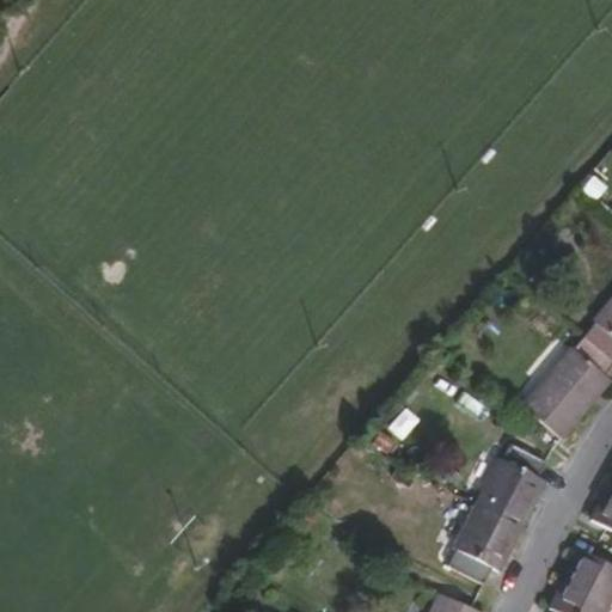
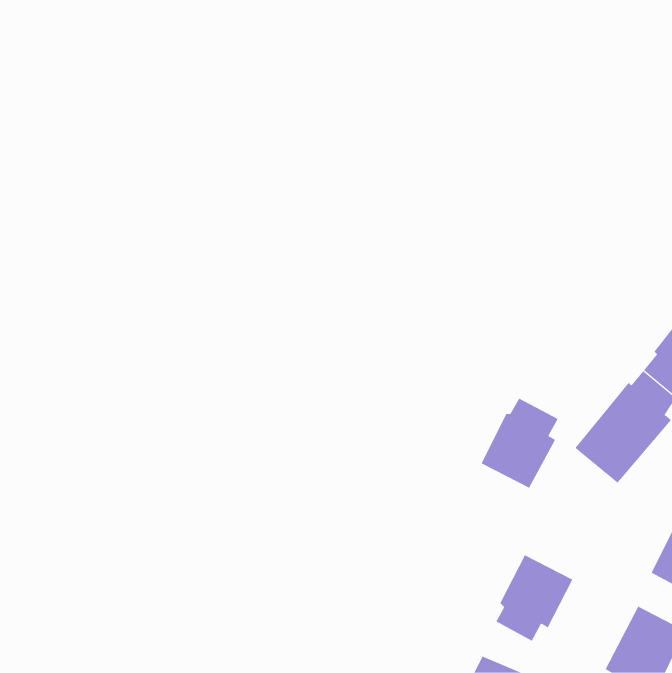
building: [477,443,547,526] -> [481,398,558,489]

